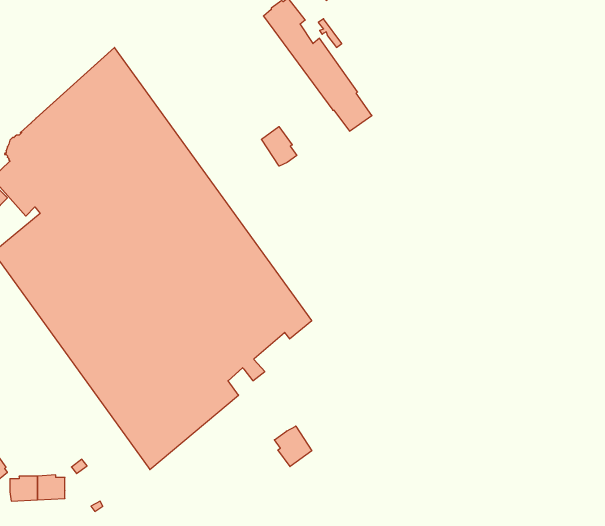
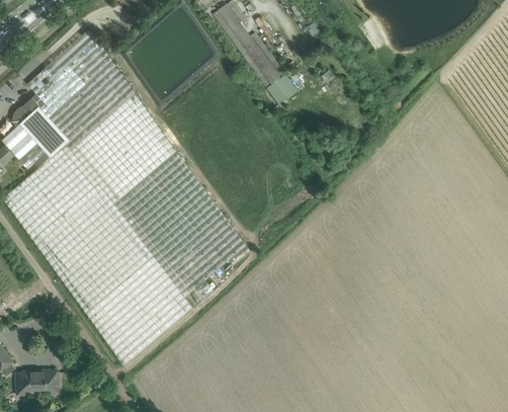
building: [261,127,297,166] -> none
building: [274,426,312,467] -> none

